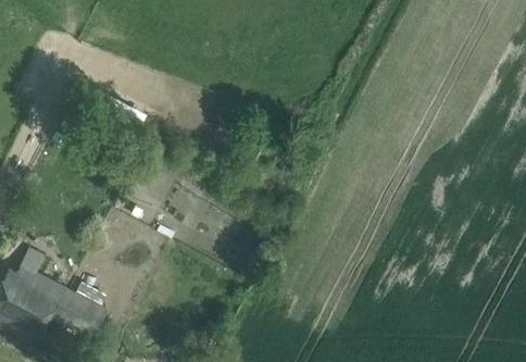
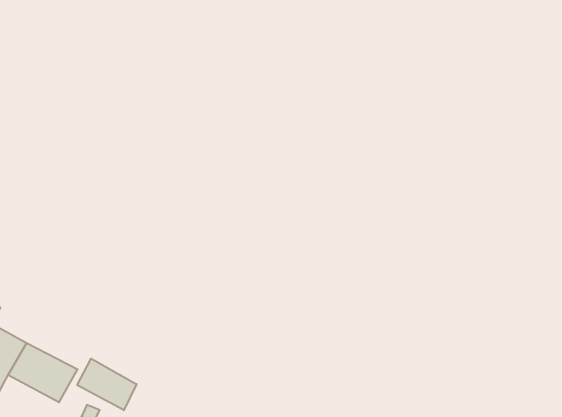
building: none -> [77,359,137,410]

